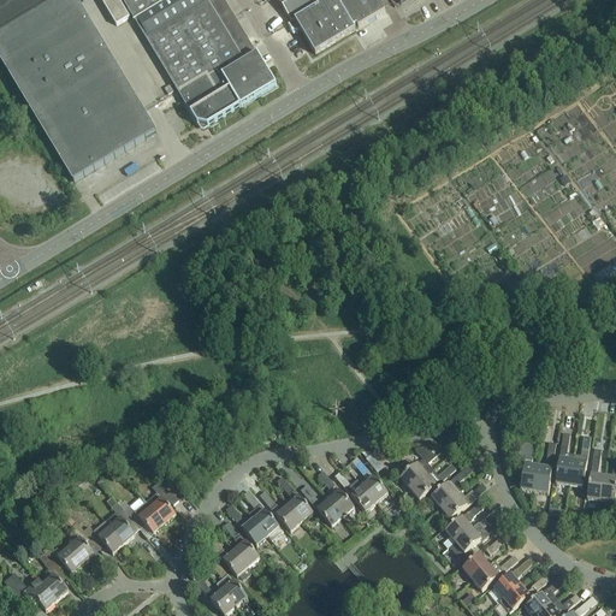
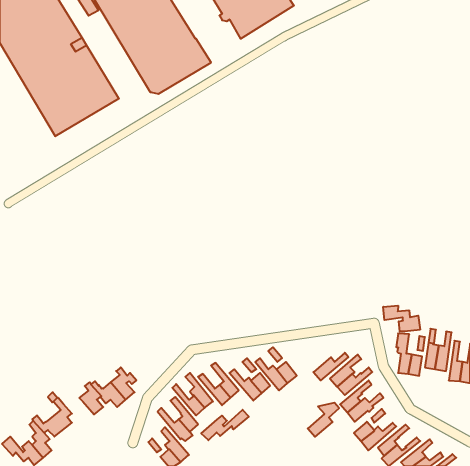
building: none -> [383,306,420,332]
building: [399,442,440,486] -> [308,403,339,437]
building: [83,519,123,551] -> none
building: none -> [201,410,249,440]

